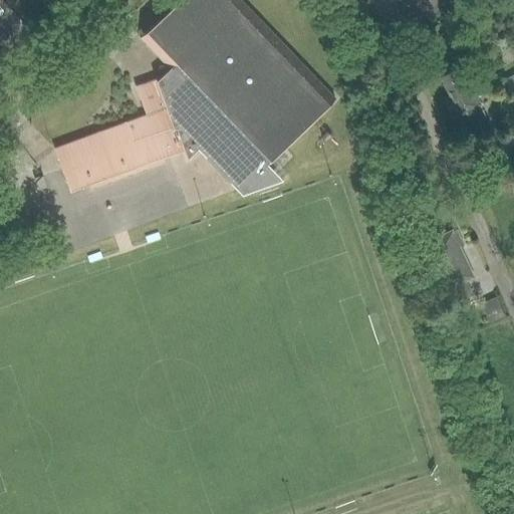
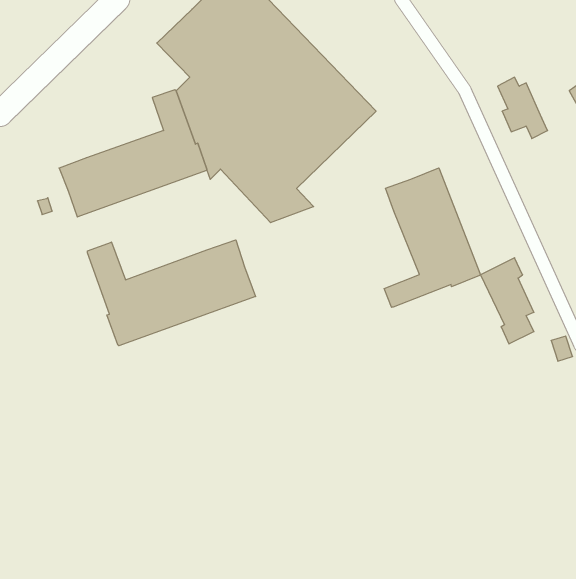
building: none -> [384,168,481,307]
building: none -> [87,240,256,346]

